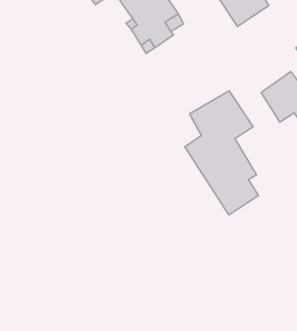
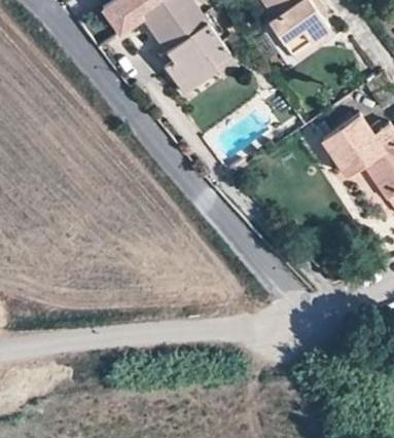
building: [185,91,259,215] -> none

